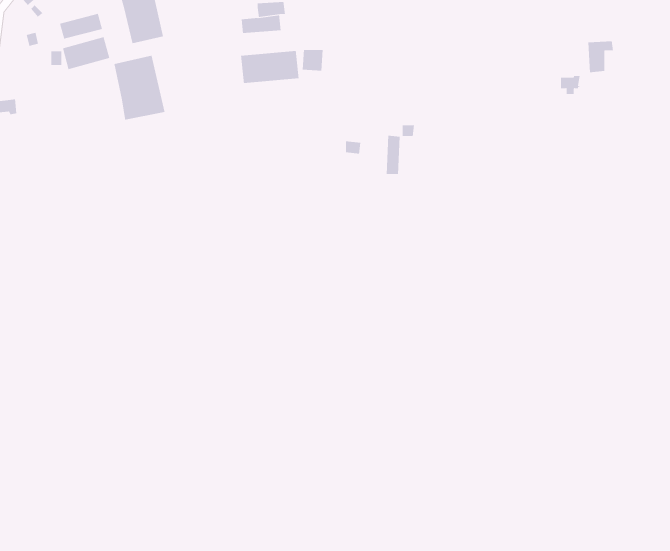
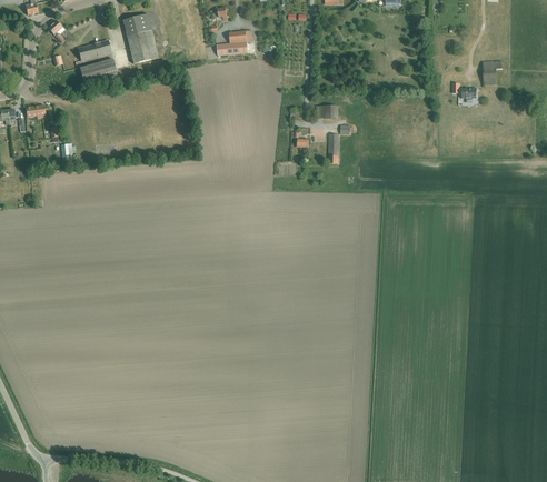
building: [241,50,299,84] -> none
building: [114,55,165,121] -> none

